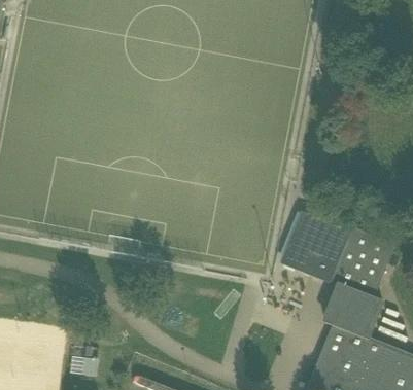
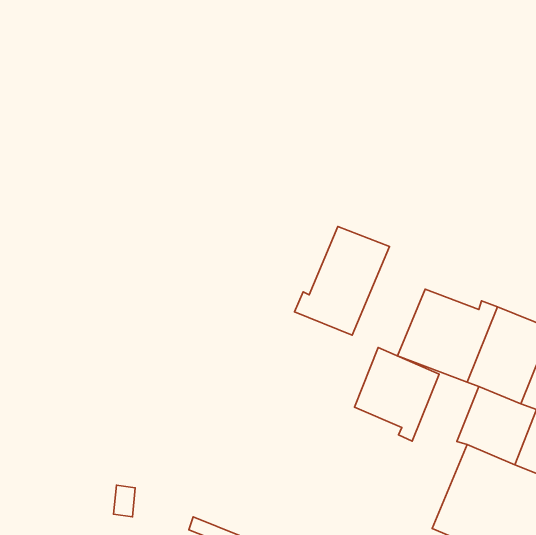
building: none -> [294,227,389,335]
building: none -> [355,348,439,441]

